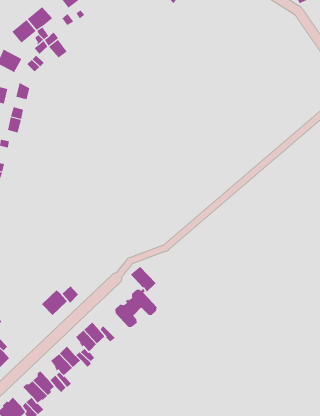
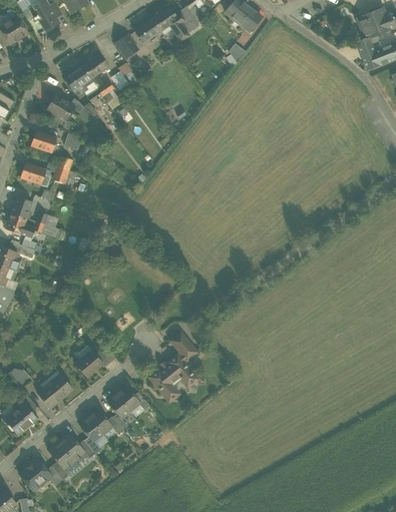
building: none -> [37,375,72,408]

